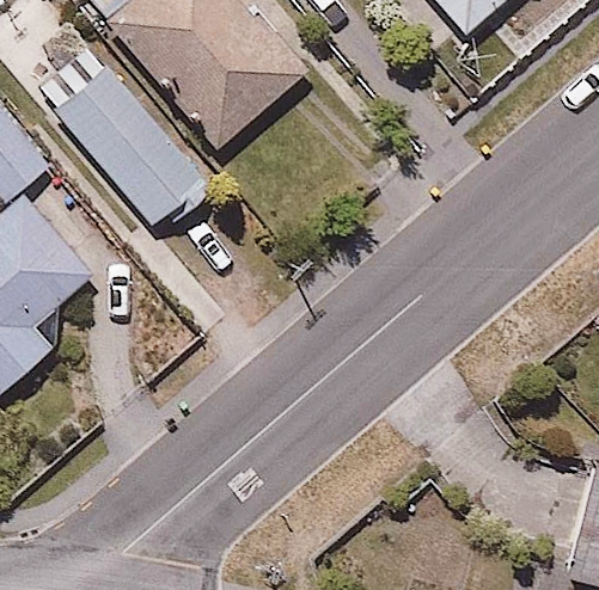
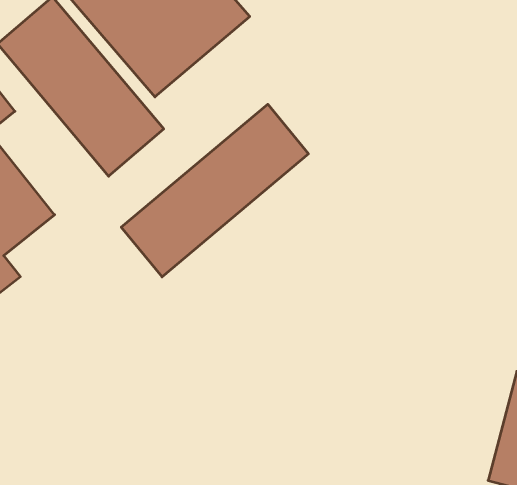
building: none -> [121,104,308,277]

